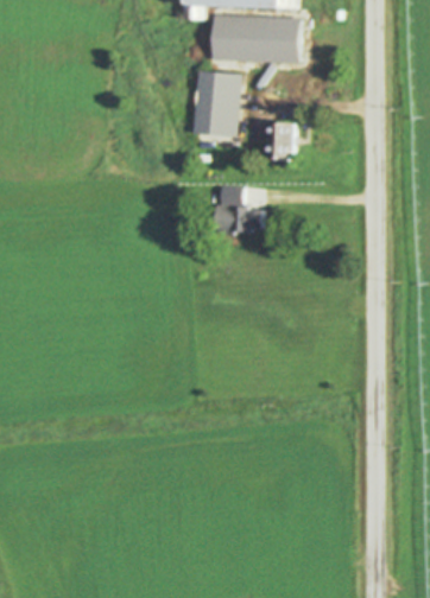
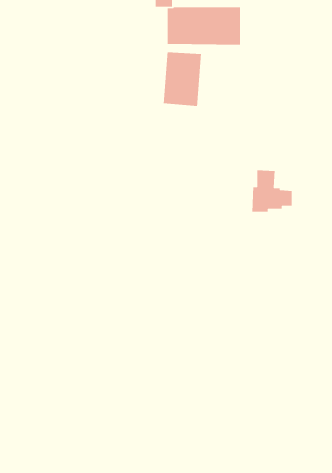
building: [261,120,298,165] -> none
building: [213,184,261,235] -> [251,169,292,213]

